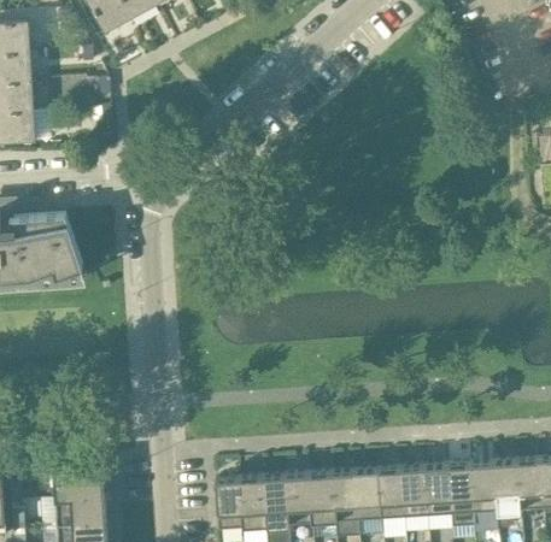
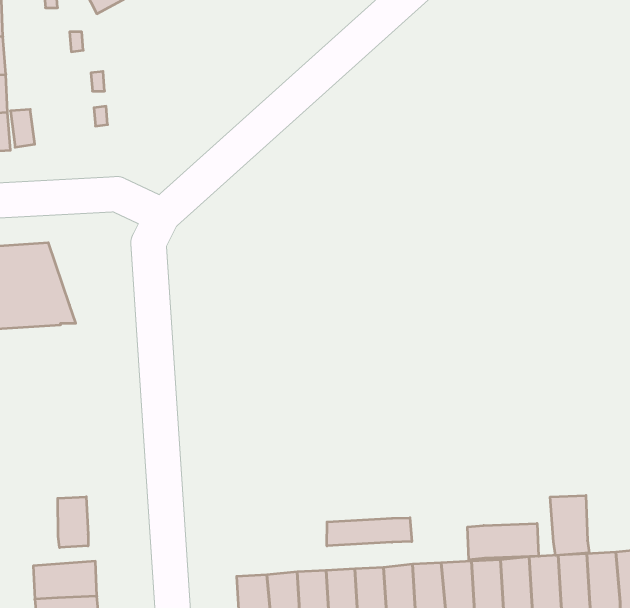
building: none -> [550,495,589,555]
building: none -> [58,497,88,548]
building: none -> [327,518,412,546]
building: none -> [468,523,539,560]

